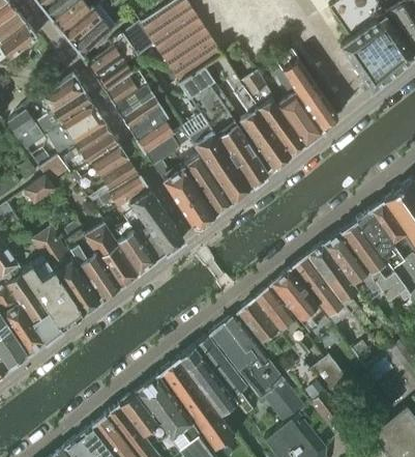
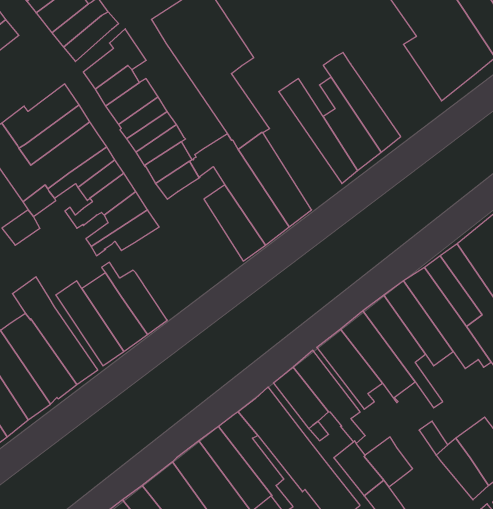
building: [213,55,292,170] -> none
building: [164,167,214,226] -> none
building: [129,191,183,262] -> none

